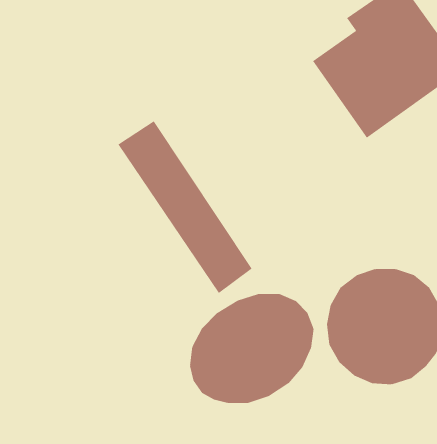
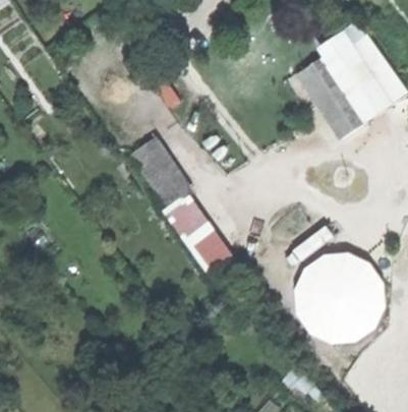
building: [190,293,314,404] -> none

